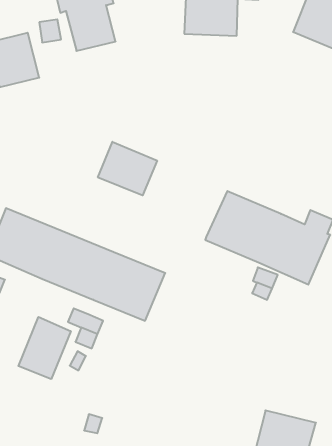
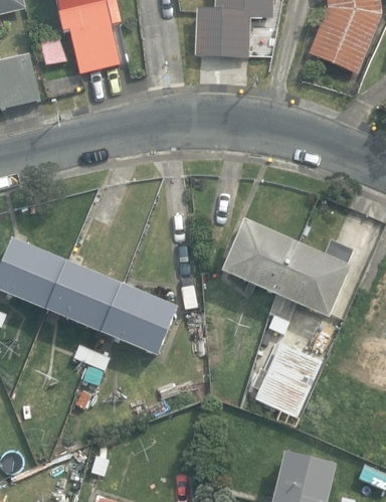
building: [98,142,157,195] -> none
building: none -> [251,343,321,417]
building: [18,317,71,379] -> none

